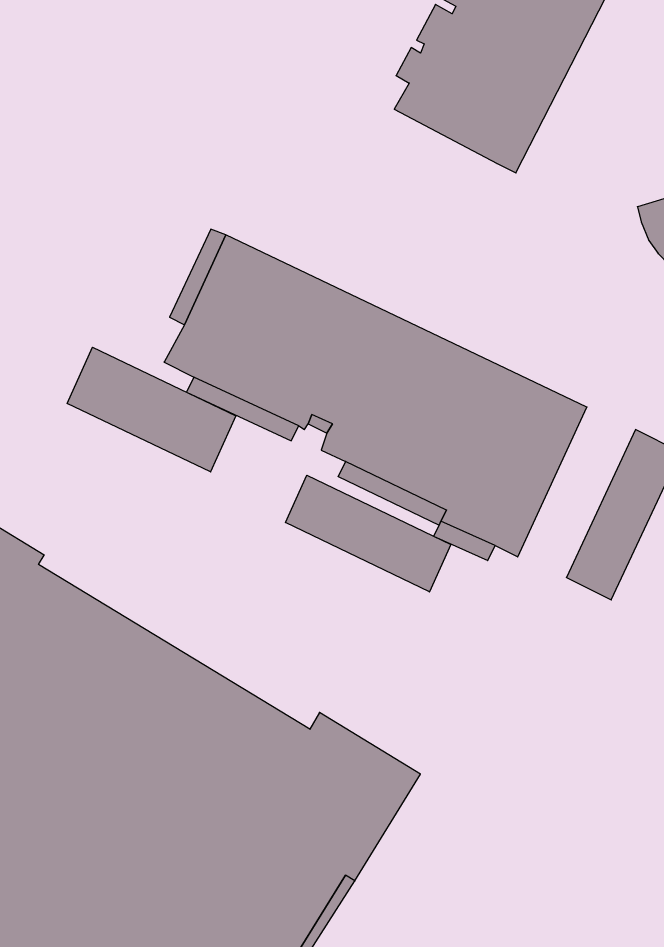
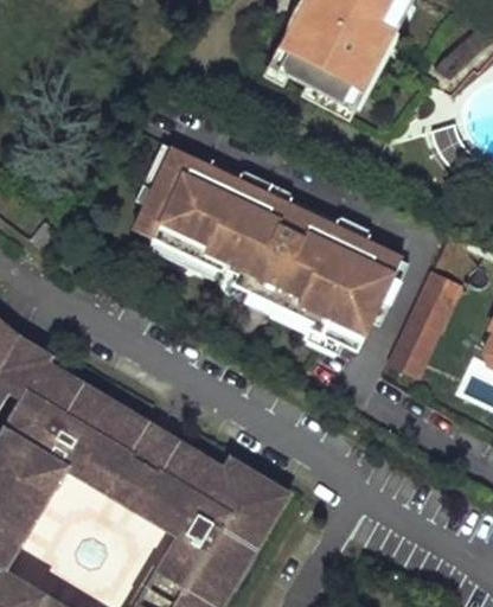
building: [67,347,236,472] -> none
building: [286,475,451,592] -> none

